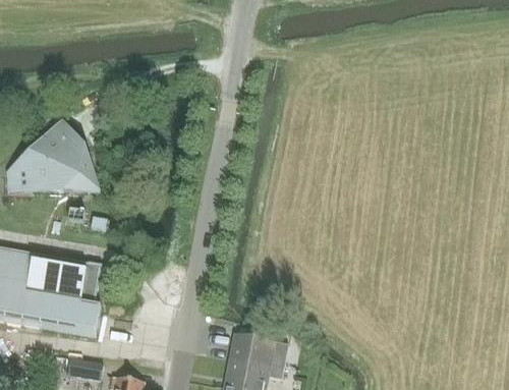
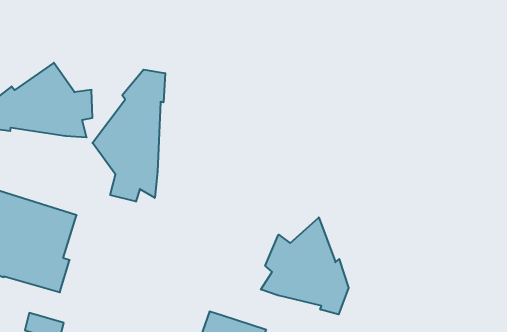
building: none -> [92,70,165,202]
building: none -> [261,217,349,314]

